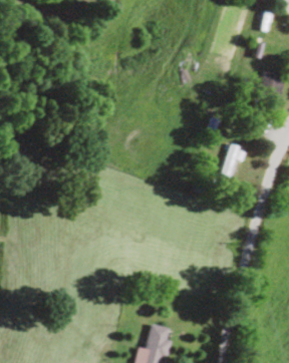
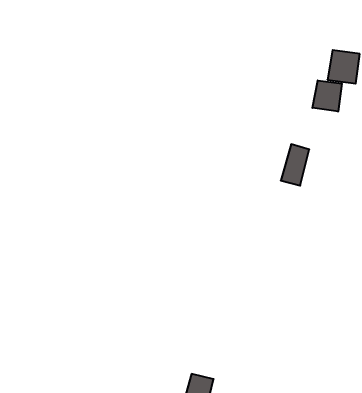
building: none -> [312,80,342,112]

